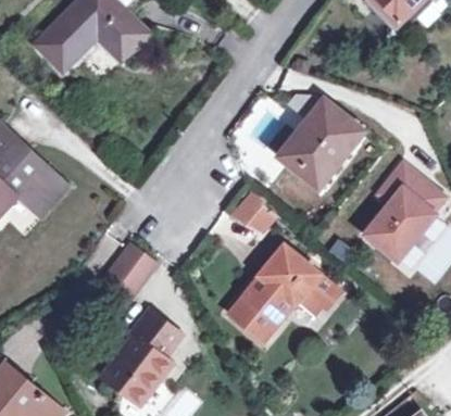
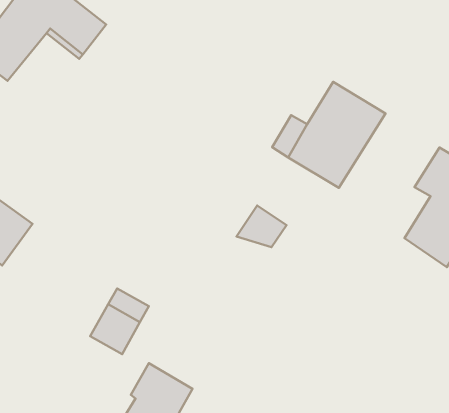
building: [230,245,339,341] -> none

